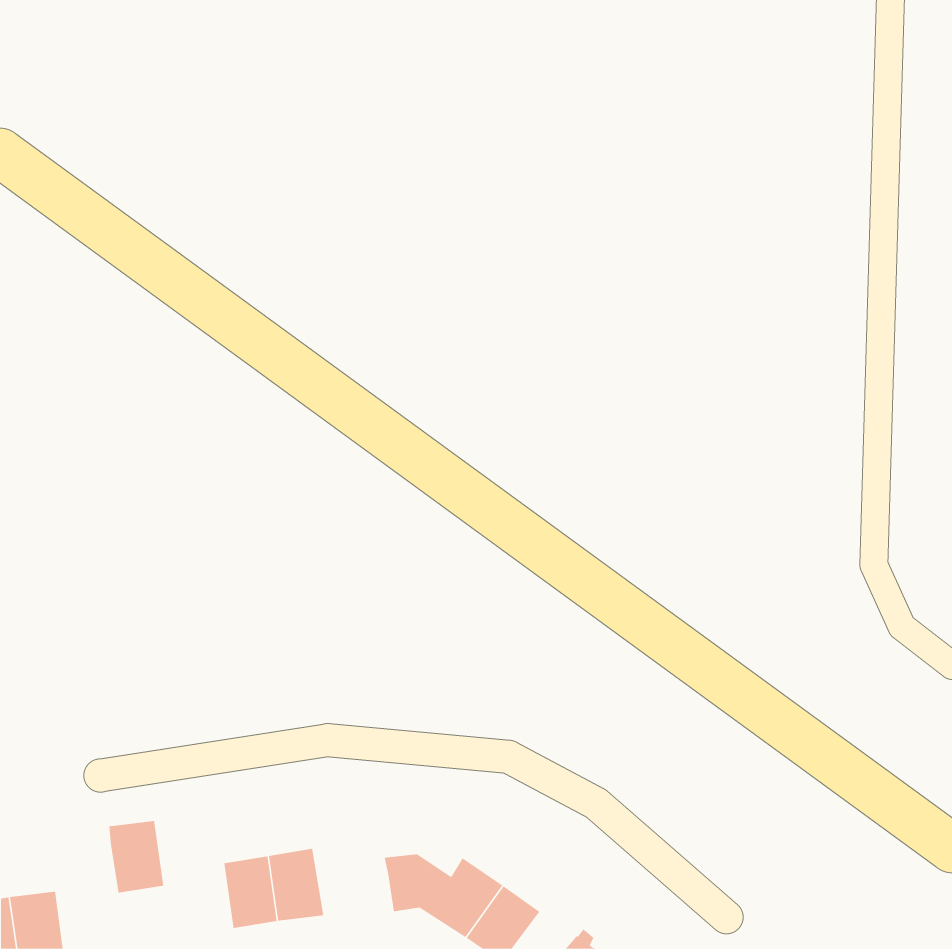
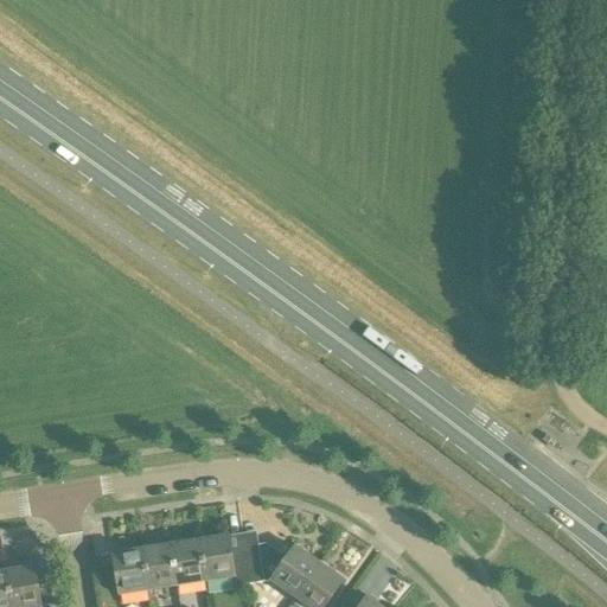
building: [108,821,164,893] -> [113,549,148,595]
building: none -> [199,536,250,582]

